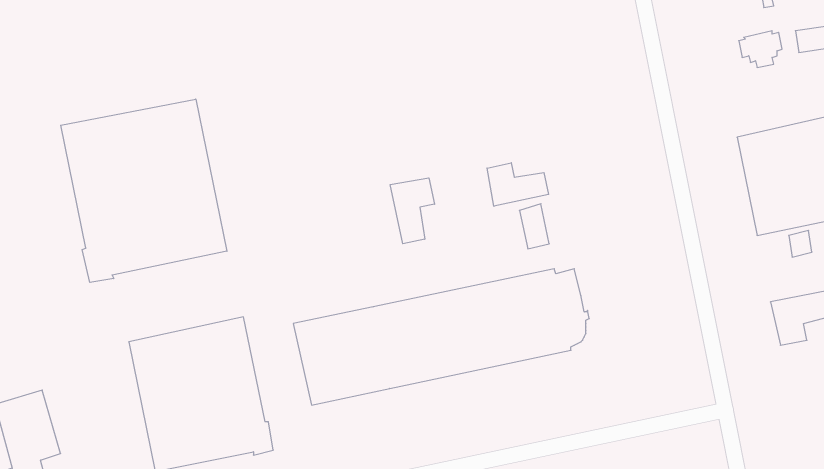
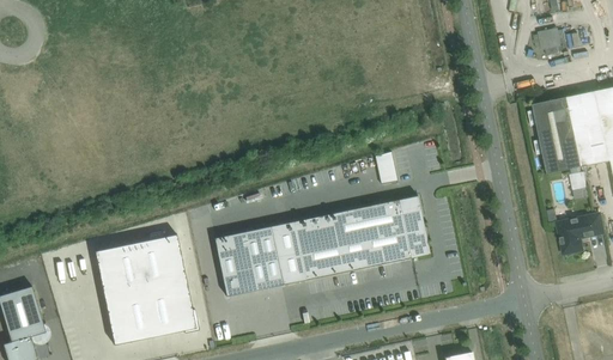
building: [61,99,227,282] -> none
building: [487,163,549,206] -> none
building: [390,178,435,244] -> none

